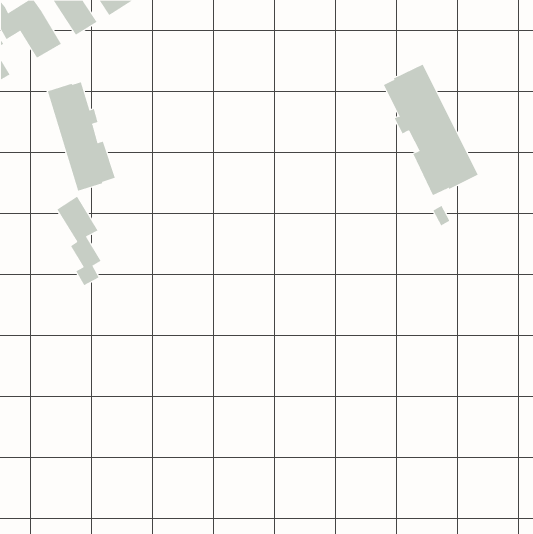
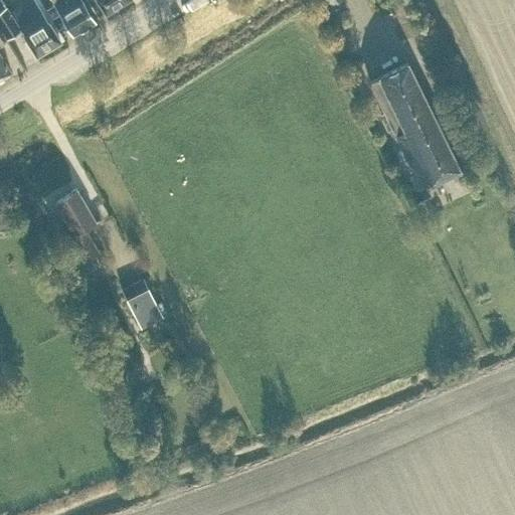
building: [47,81,115,191] -> none
building: none -> [122,279,163,328]

